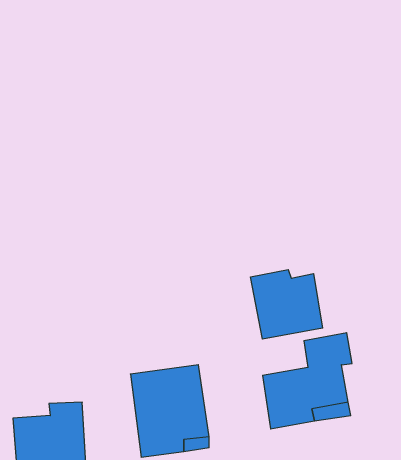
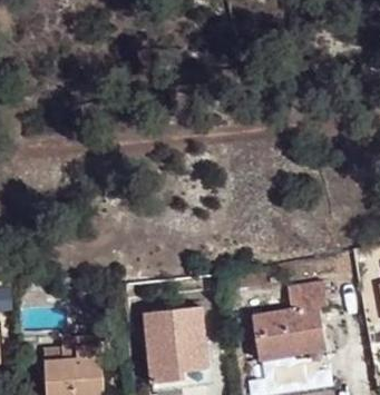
building: [251,270,323,339] -> none

